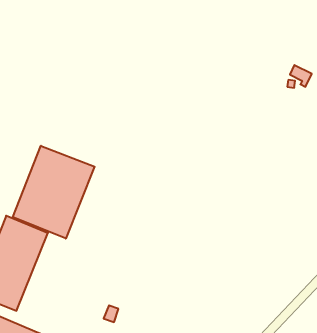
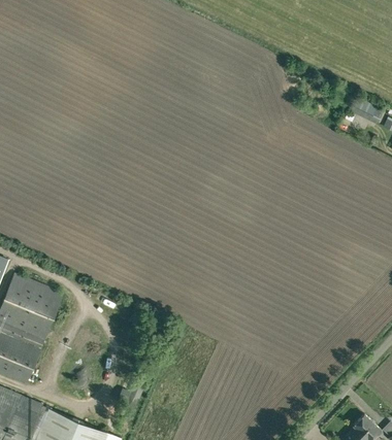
building: [13,146,95,239] -> none

